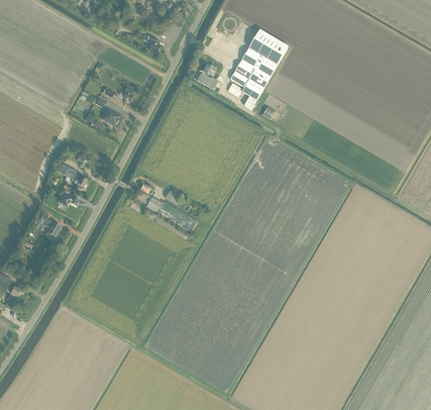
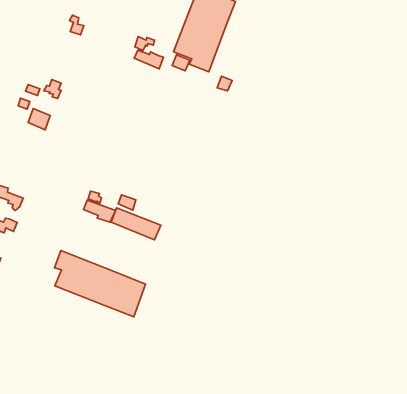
building: none -> [54,250,146,317]

